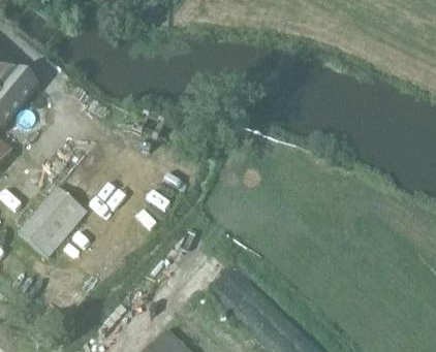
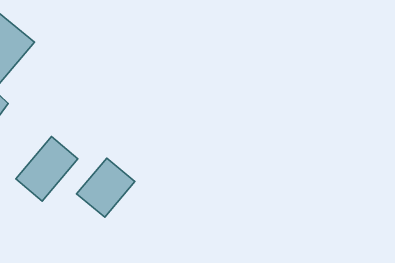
building: none -> [77,158,135,217]

